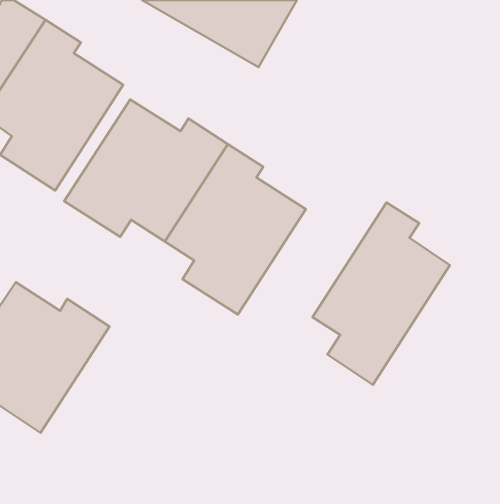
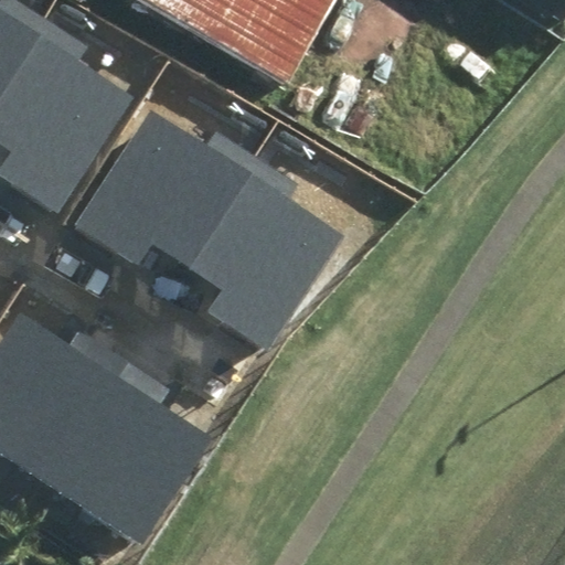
building: [313,202,450,385] -> none
building: none -> [45,365,207,545]

